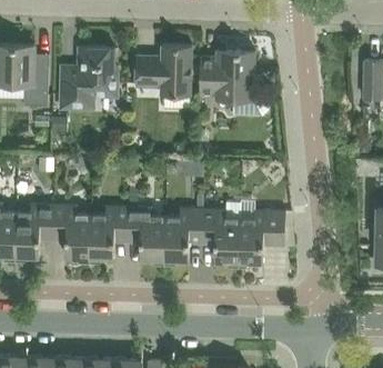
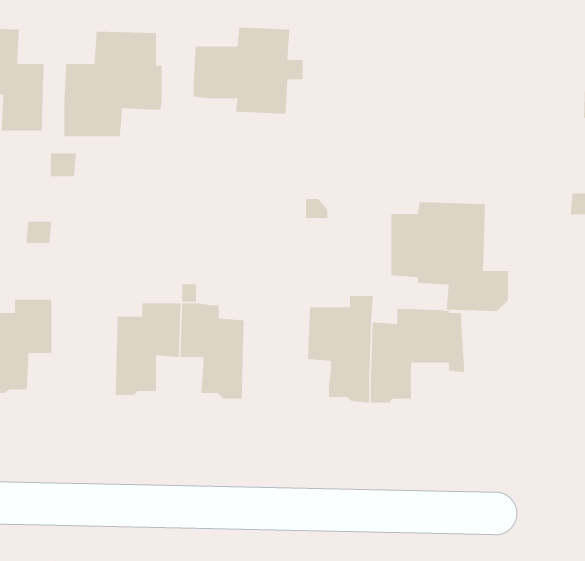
building: [199,50,268,115] -> [391,202,509,312]
building: [52,203,90,260] -> none
building: [163,207,202,262] -> none

